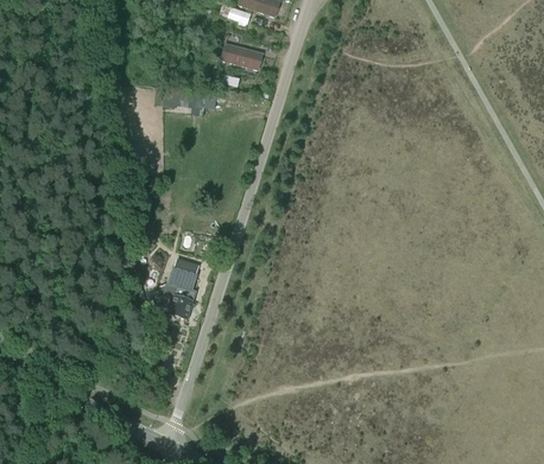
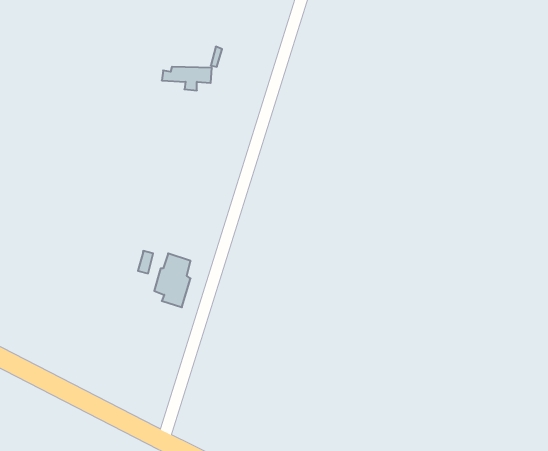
building: [221,44,264,72] -> none

